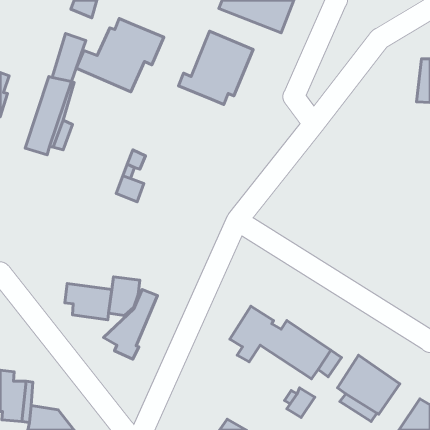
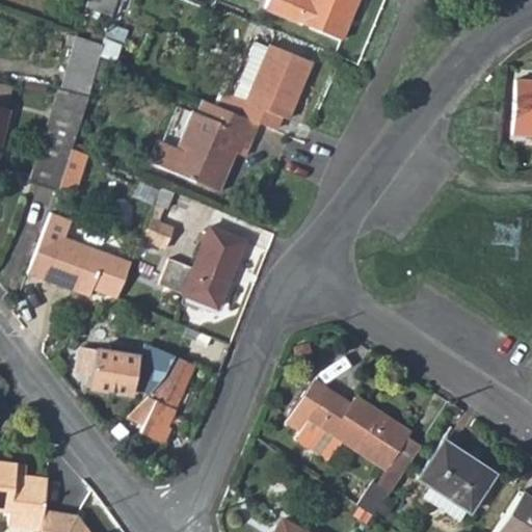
building: [76,19,164,92] -> [153,100,261,190]
building: none -> [29,208,134,299]
building: none -> [158,228,245,310]

